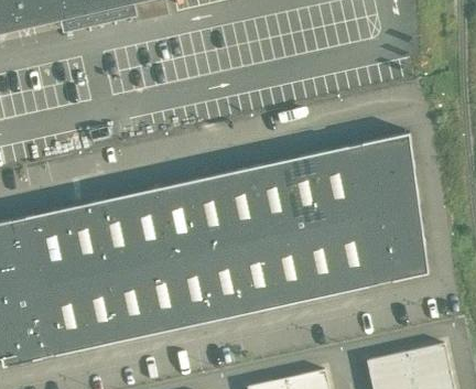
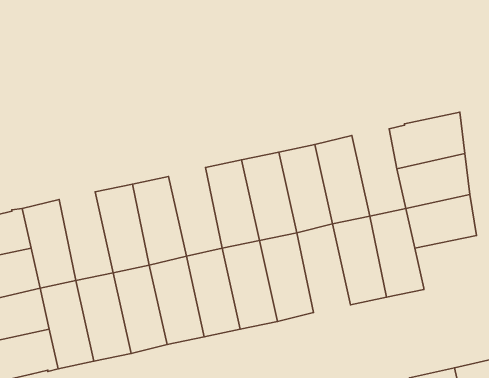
building: [317,145,364,221] -> none
building: [160,180,206,256] -> none
building: [66,201,112,277] -> none
building: [270,228,316,304] -> none
building: [371,238,429,283] -> none

